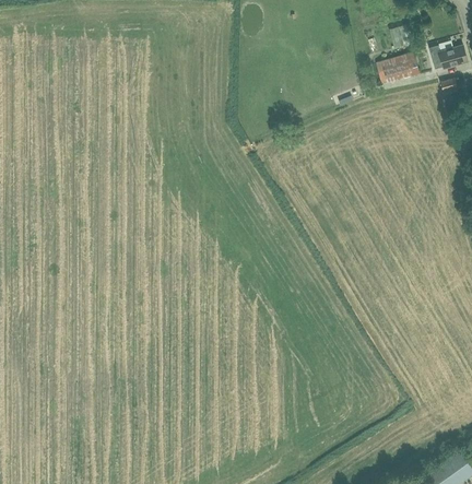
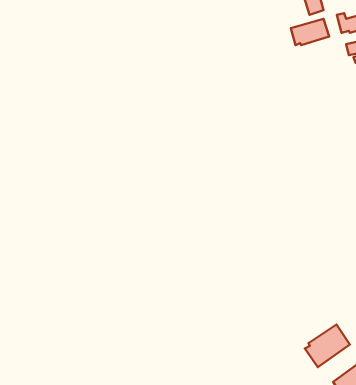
building: none -> [305,324,350,367]

